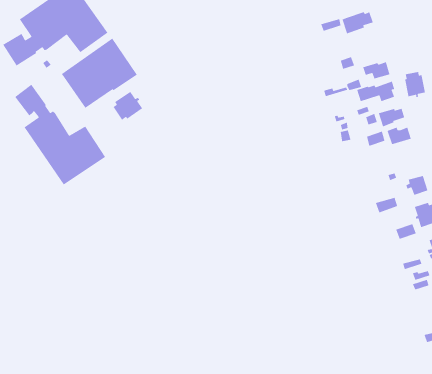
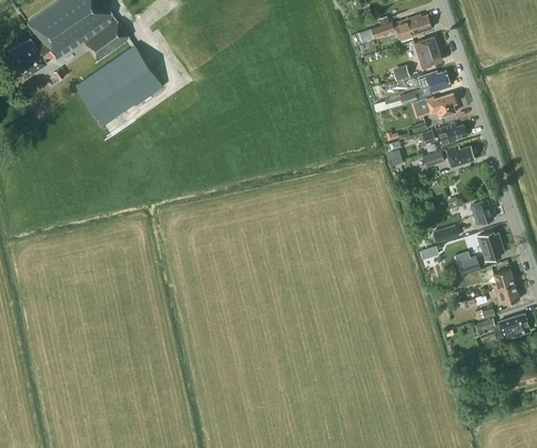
building: none -> [413,37,442,69]
building: [404,71,426,98] -> none
building: [14,83,106,185] -> none
building: [112,91,143,121] -> none

